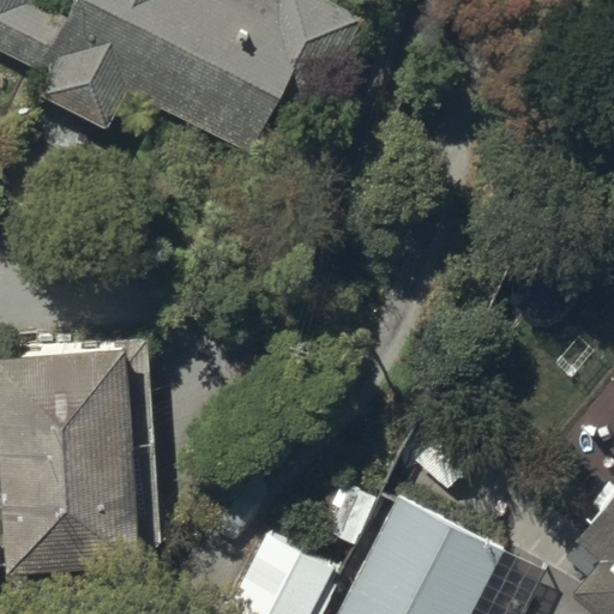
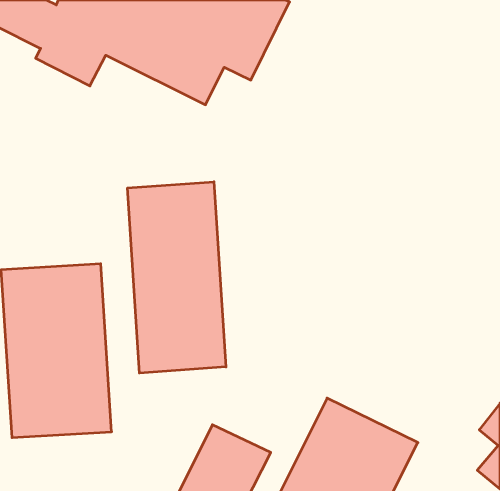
building: none -> [128,182,226,373]

